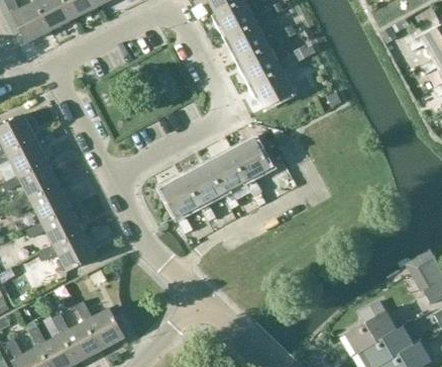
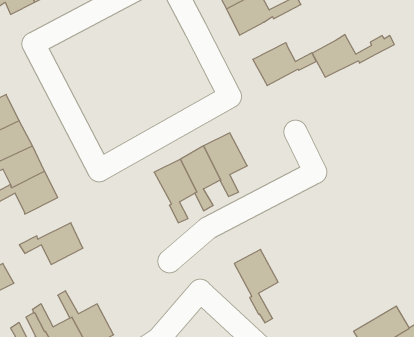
building: [239,42,315,82] -> [312,35,394,77]
building: [230,136,270,204] -> [234,249,278,323]
building: [25,209,84,248] -> none

